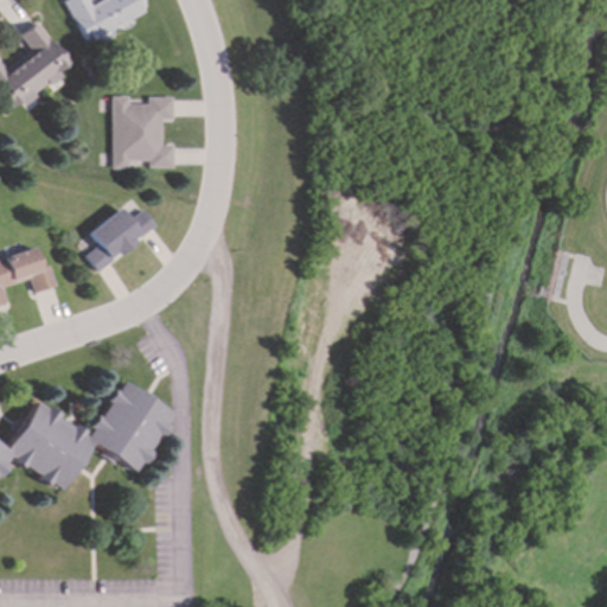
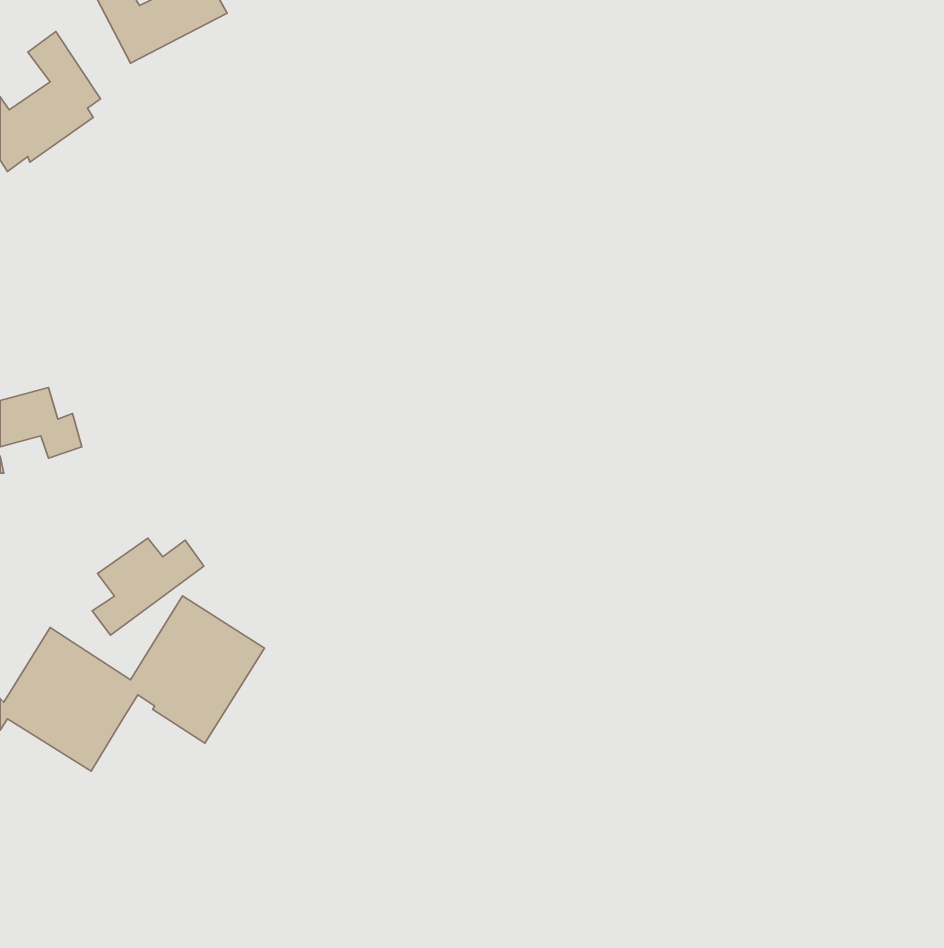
building: [113,95,174,167] -> none
building: [85,207,156,269] -> [92,538,204,635]

